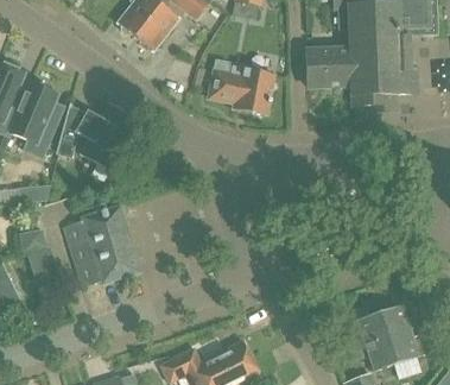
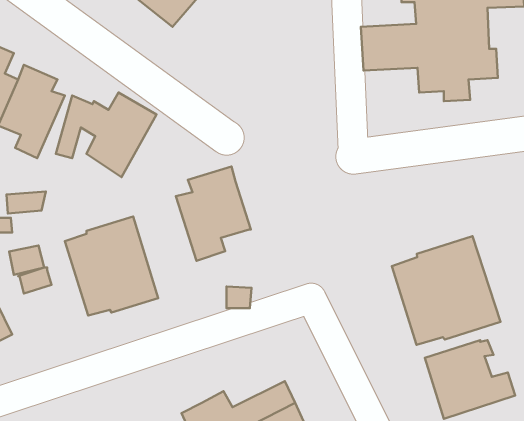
building: [209,59,273,114] -> none
building: none -> [176,166,251,261]
building: none -> [392,236,500,345]

